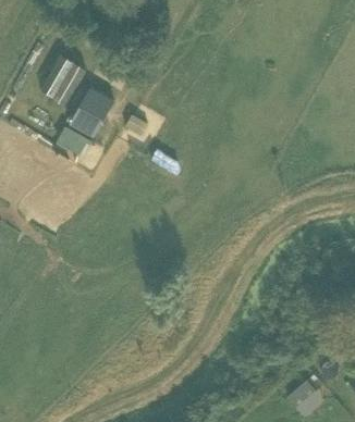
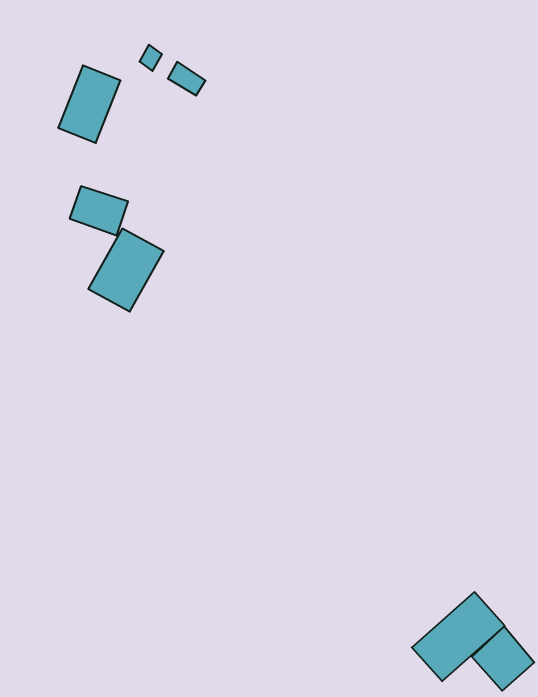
building: [70,88,113,136] -> [88,229,164,312]
building: none -> [412,592,505,681]

